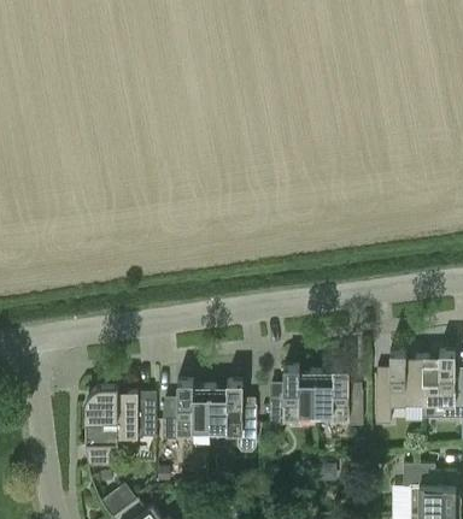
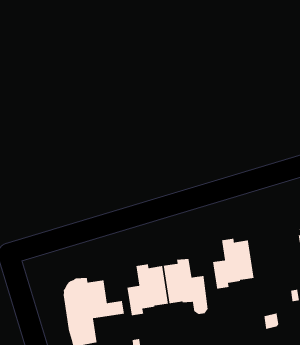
building: [316,367,363,426] -> none

